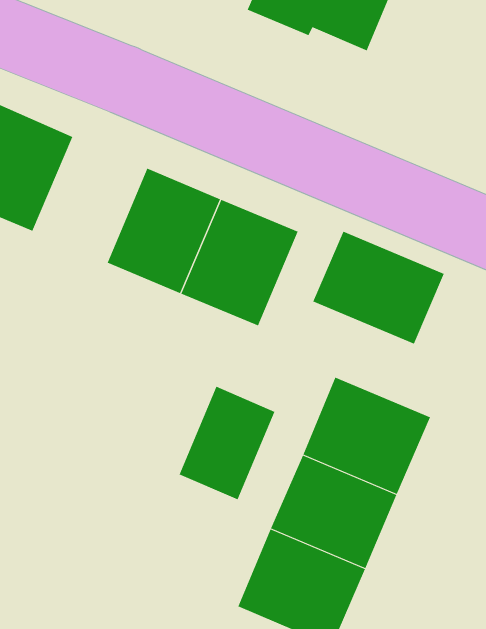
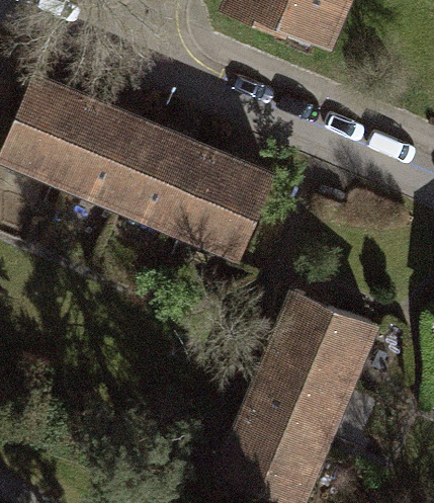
building: none -> [63,107,152,205]
building: [313,231,445,345] -> none
building: [179,386,275,500] -> none

